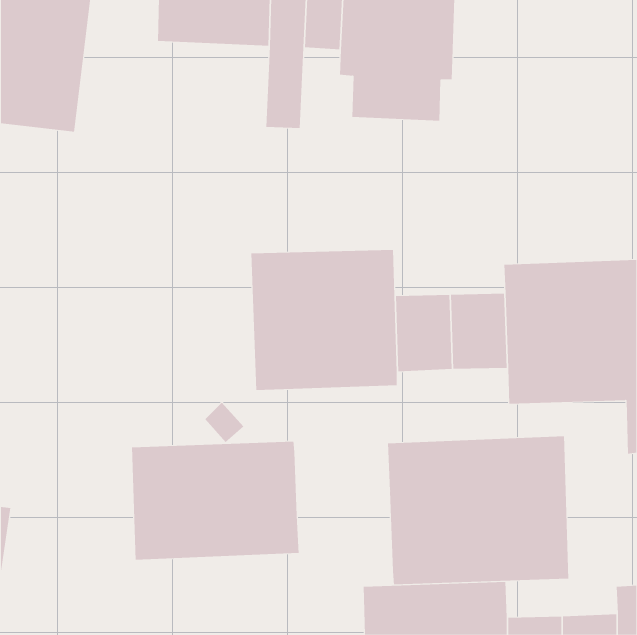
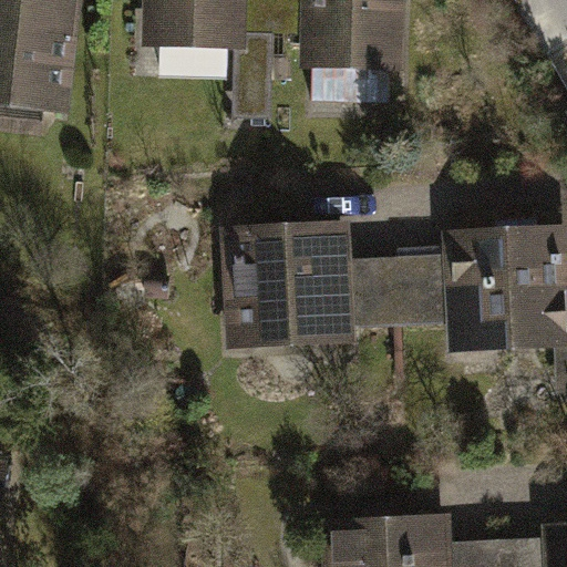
building: [388,436,569,585] -> none
building: [131,441,299,560] -> none

